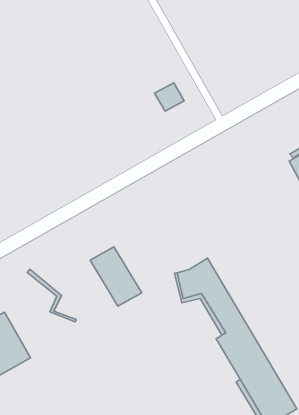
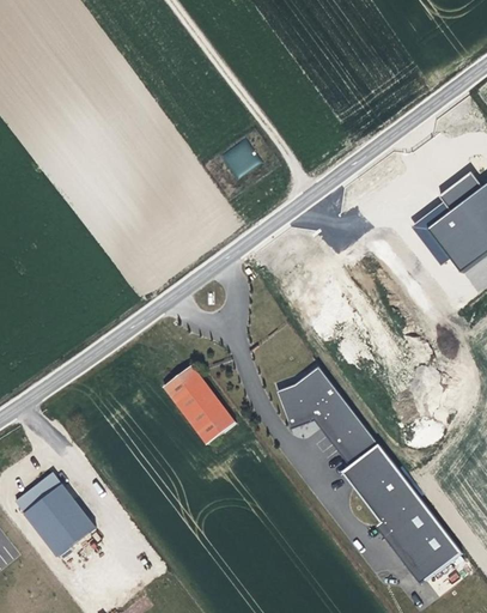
building: [27,269,76,322] -> none

